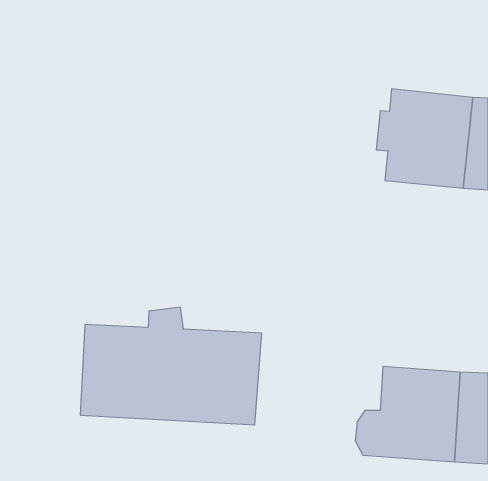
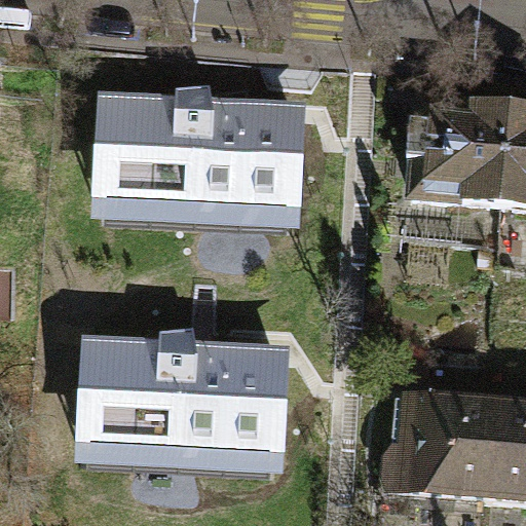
building: none -> [103,86,297,213]

